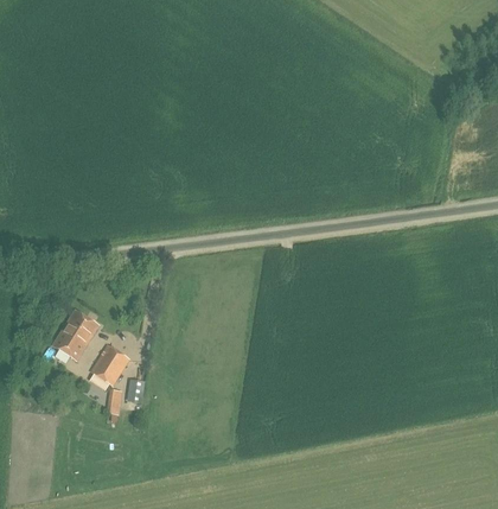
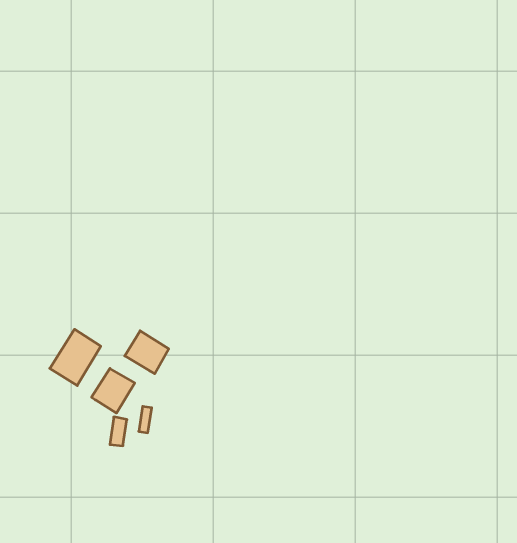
building: none -> [125,331,169,374]

